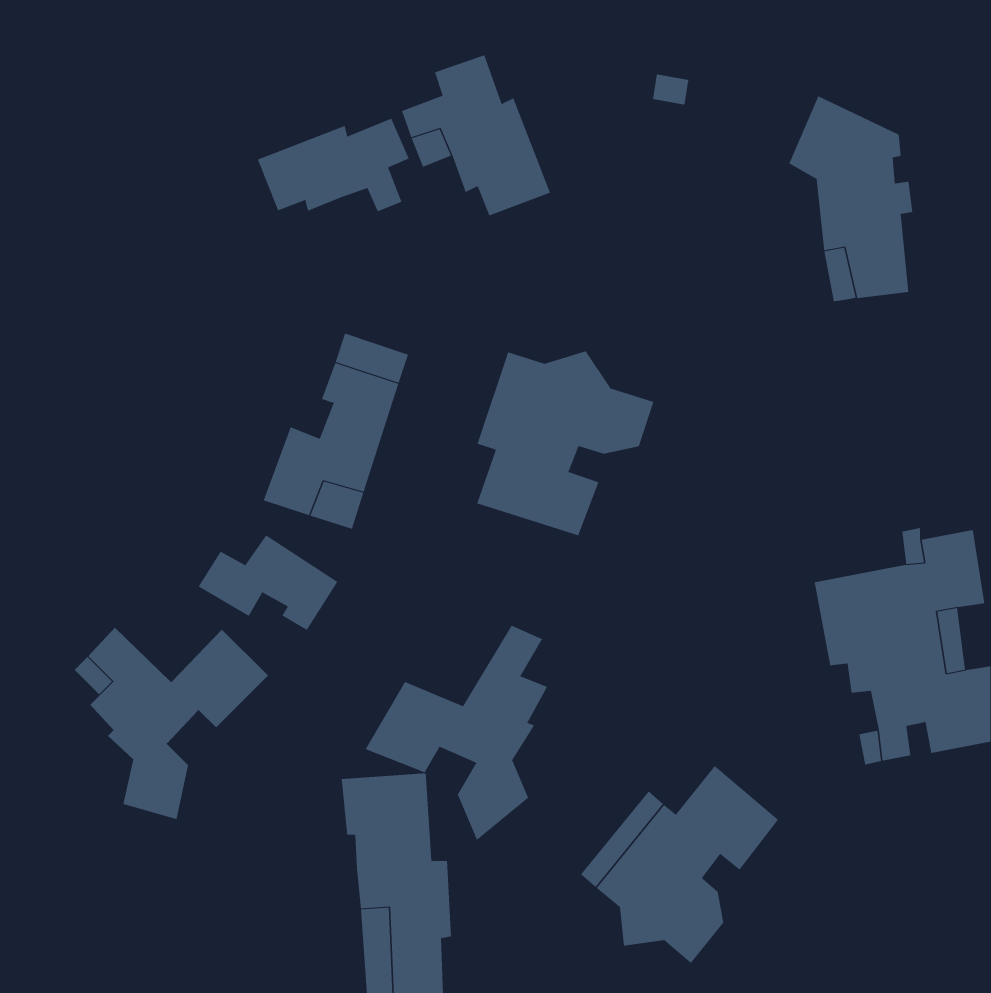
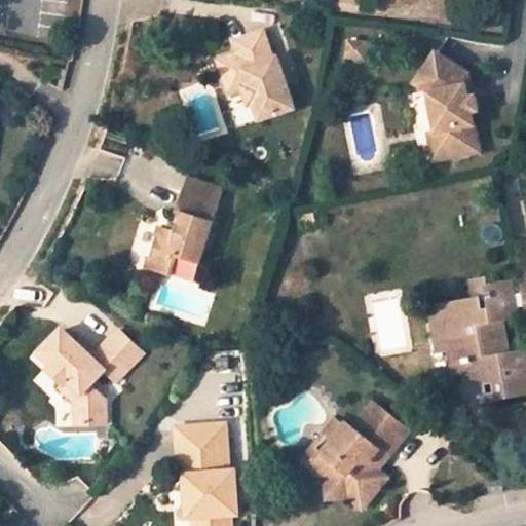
building: [257,118,409,212] -> none
building: [477,350,654,536] -> none
building: [198,534,338,631] -> none
building: [365,625,548,841] -> none

